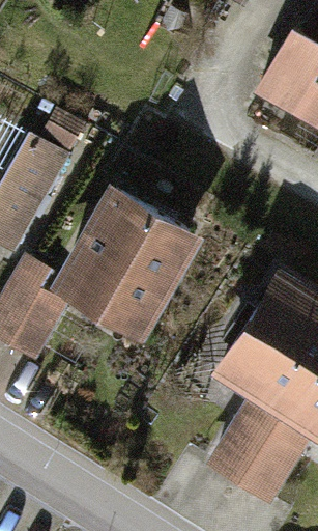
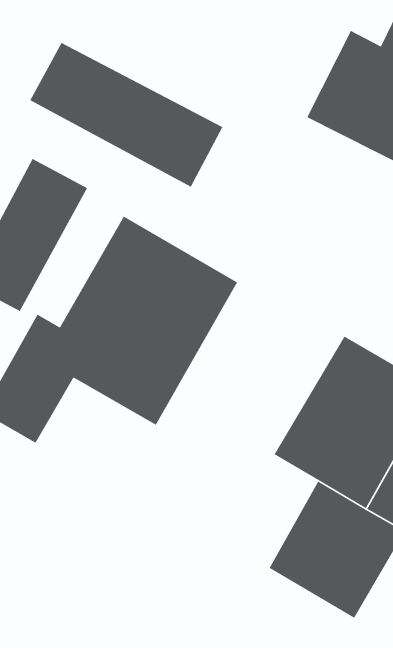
building: none -> [29,42,224,188]

